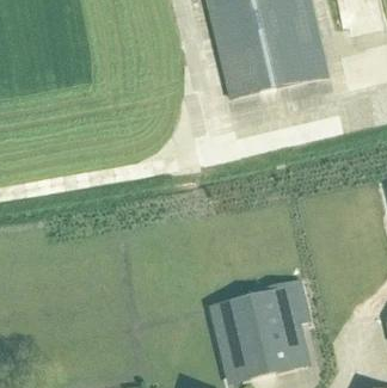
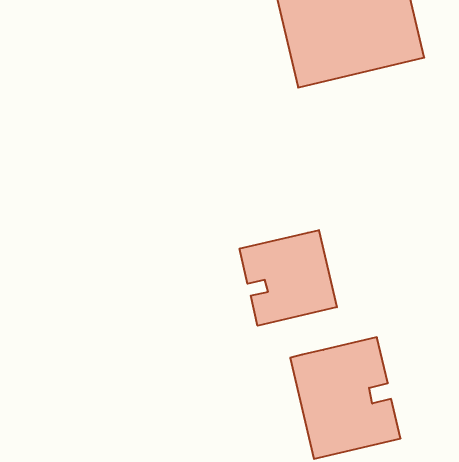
building: none -> [240,230,337,326]

